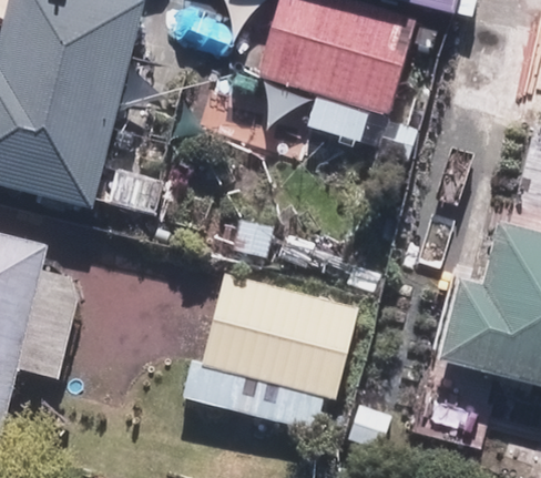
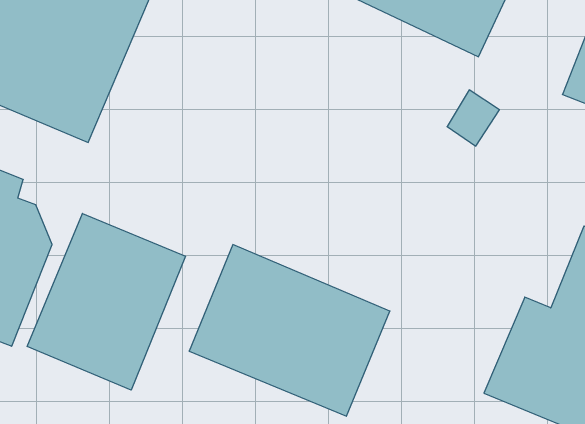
building: none -> [27,213,185,390]

